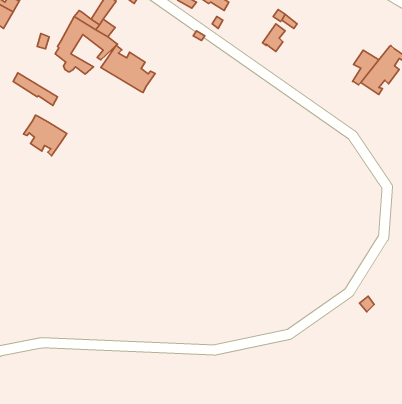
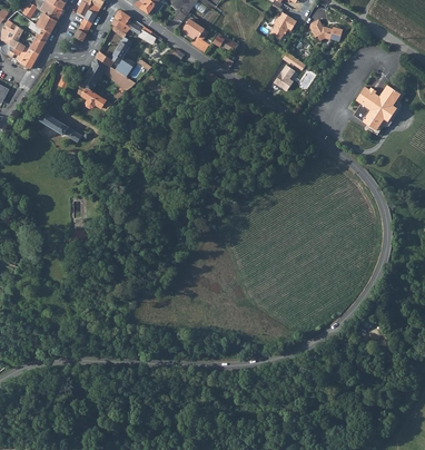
building: [101,45,155,92] -> none
building: [23,115,67,156] -> none

